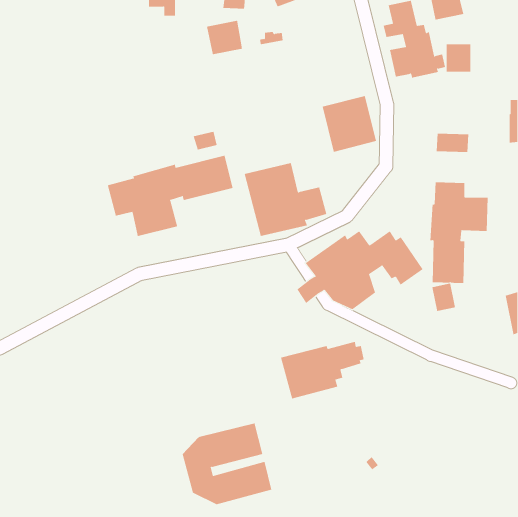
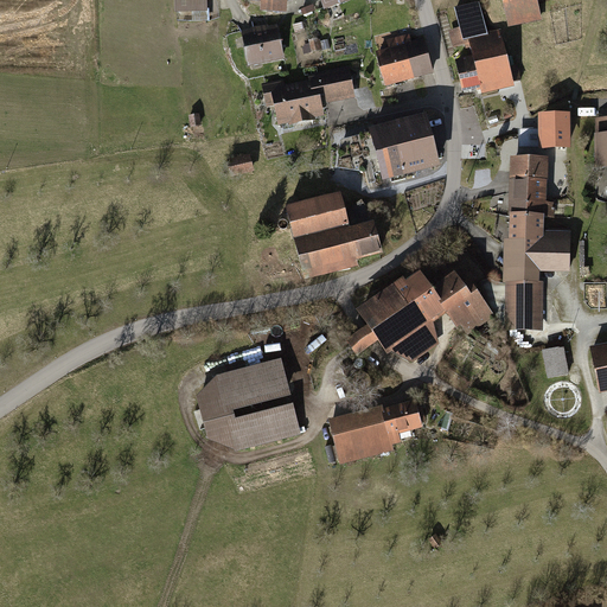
building: none -> [376,36,434,85]
building: [446,44,471,72] -> [539,114,569,147]
building: none -> [261,64,353,124]
building: none -> [507,177,552,213]
building: [107,155,233,237] -> none
building: [431,283,456,311] -> [542,344,570,377]
building: [182,423,272,505] -> [196,357,301,453]

